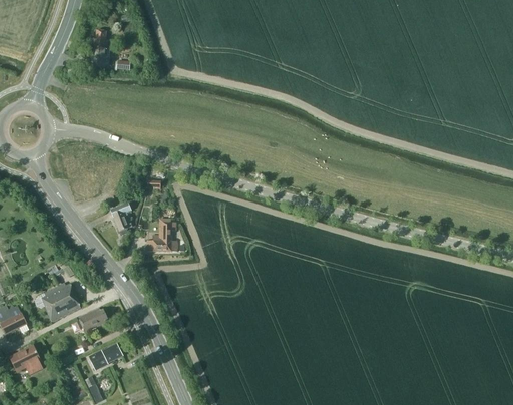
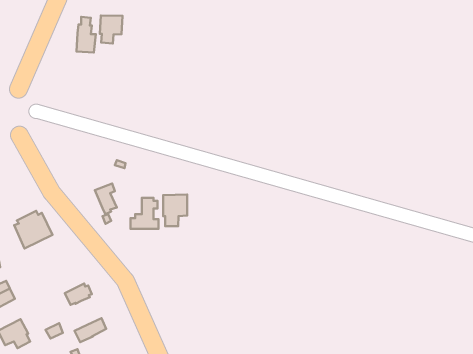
building: none -> [100,15,122,43]
building: none -> [163,194,187,226]
building: [40,283,80,322] -> [14,211,53,248]

